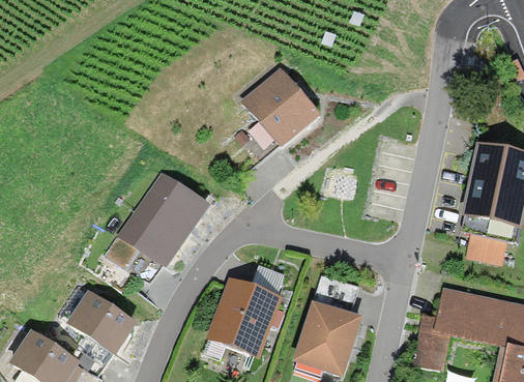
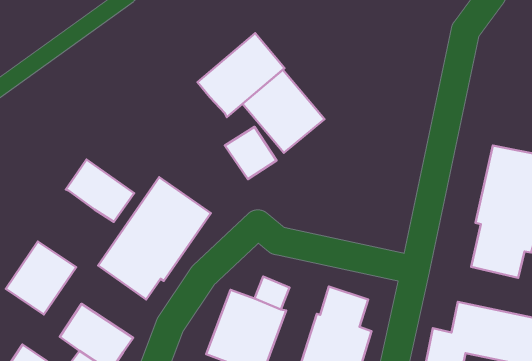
building: none -> [197,33,285,117]
building: none -> [66,159,134,222]
building: none -> [6,242,76,315]

